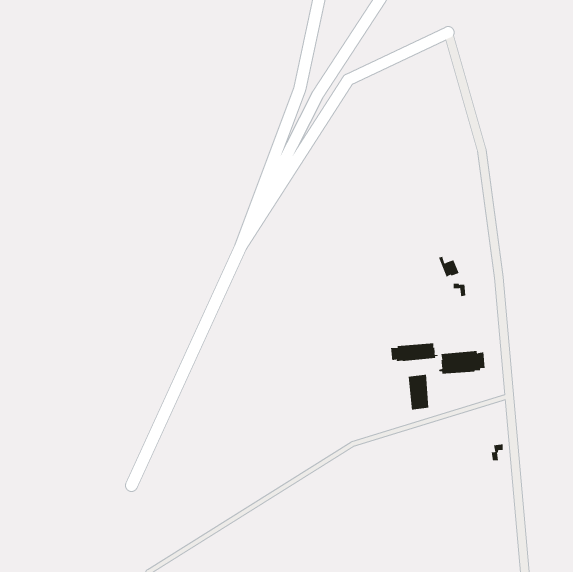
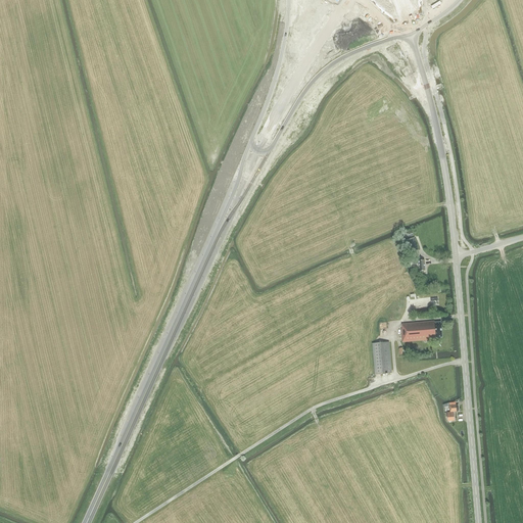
building: [390,342,439,362] -> none

